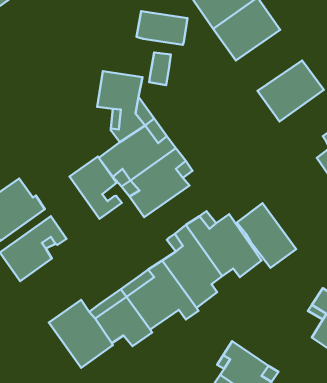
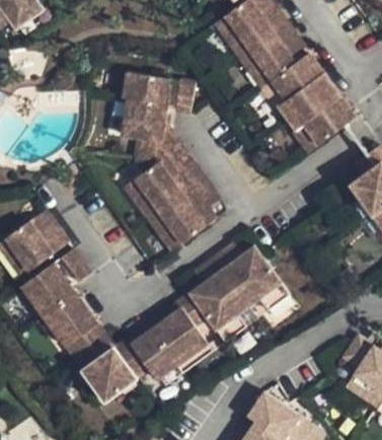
building: [136,11,188,45] -> [122,73,174,107]
building: none -> [265,59,333,122]
building: [69,156,122,219] -> none
building: [237,203,296,268] -> none
building: none -> [44,294,106,360]

